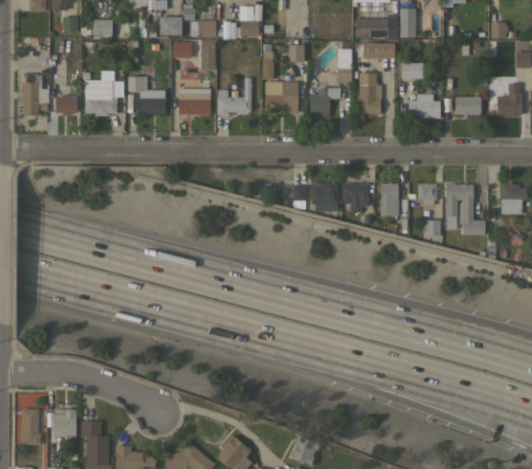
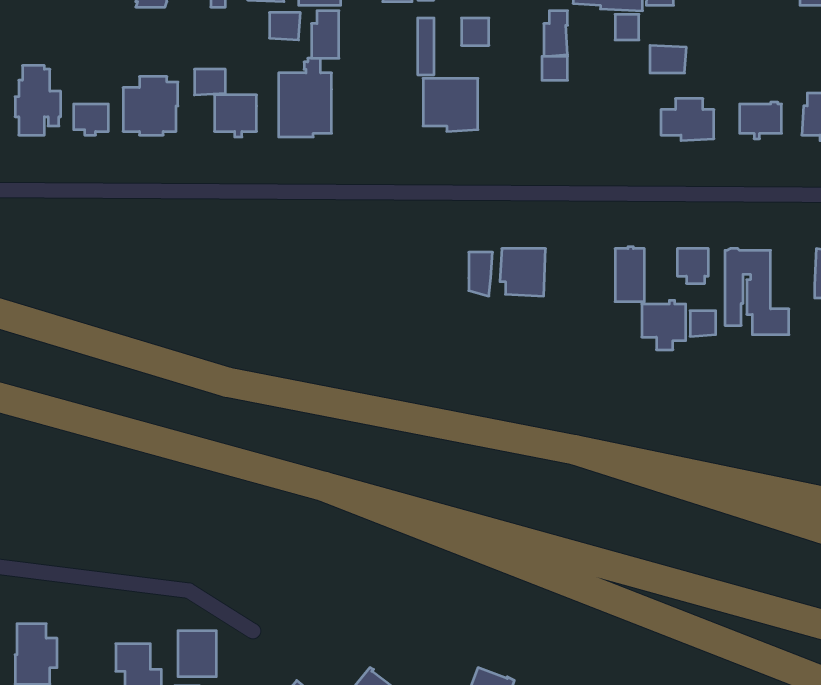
building: [359,72,382,118] -> none
building: [217,78,252,114] -> none
building: [310,87,341,118] -> none
building: [342,181,369,211] -> [642,300,686,350]
building: [54,410,77,437] -> [178,631,216,677]

